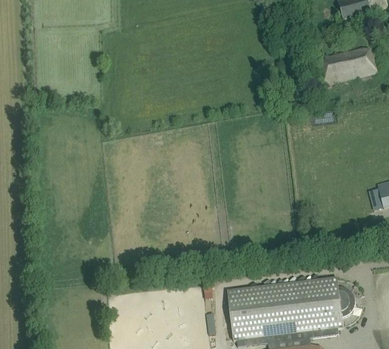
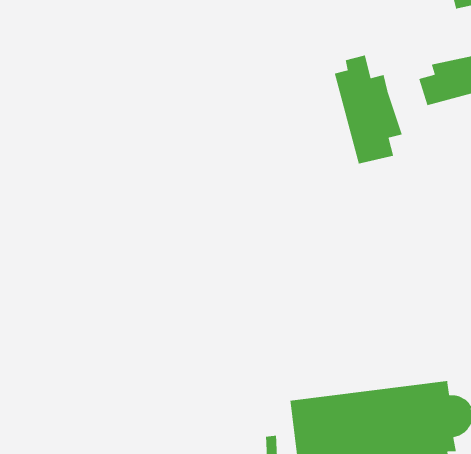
building: none -> [334,54,403,164]

